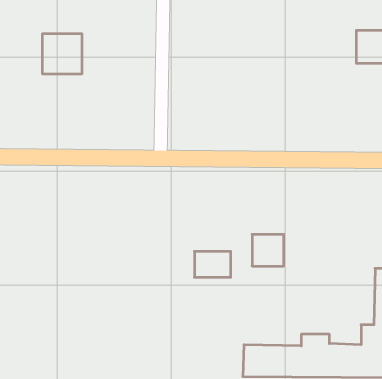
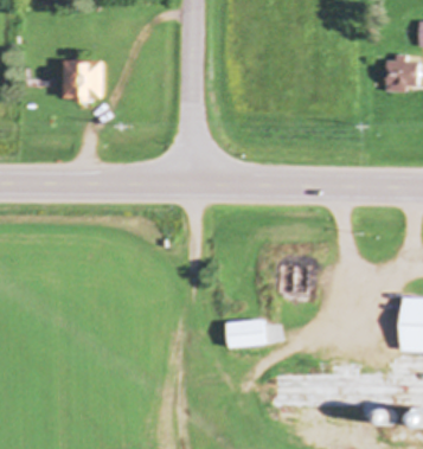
building: [194,251,231,277] -> [229,320,265,346]

